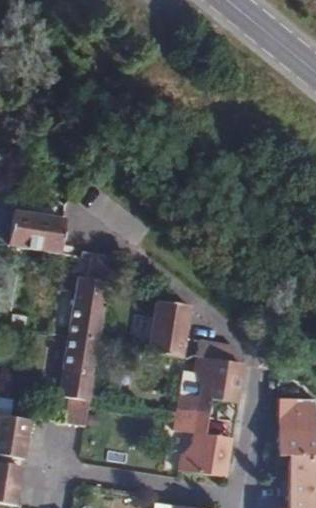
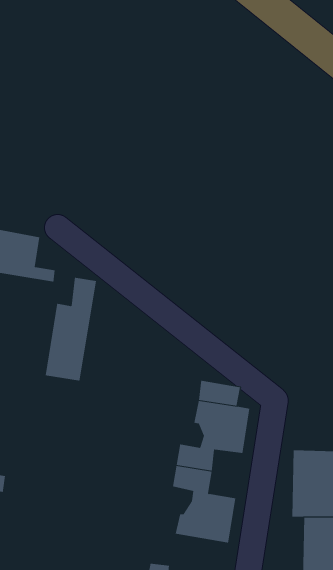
building: [147,300,190,357] -> none
building: [58,335,98,426] -> none

